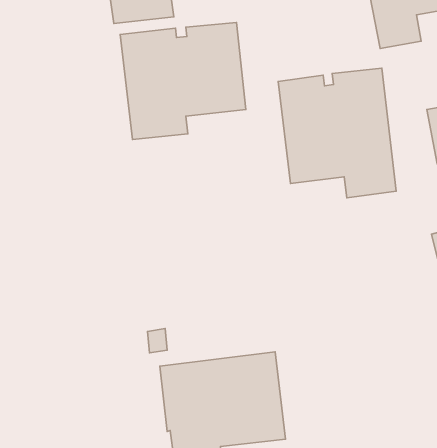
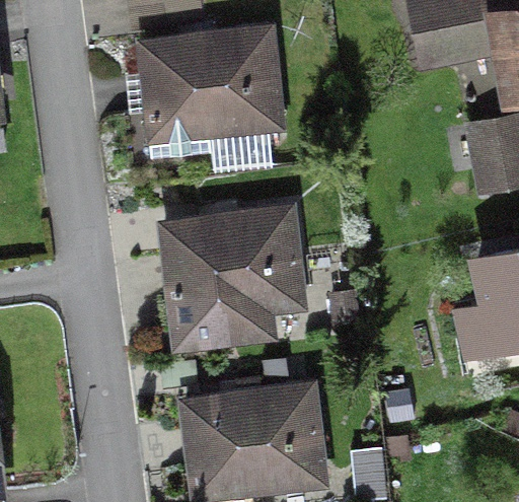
building: [278,68,396,198] -> none
building: none -> [161,210,297,345]

